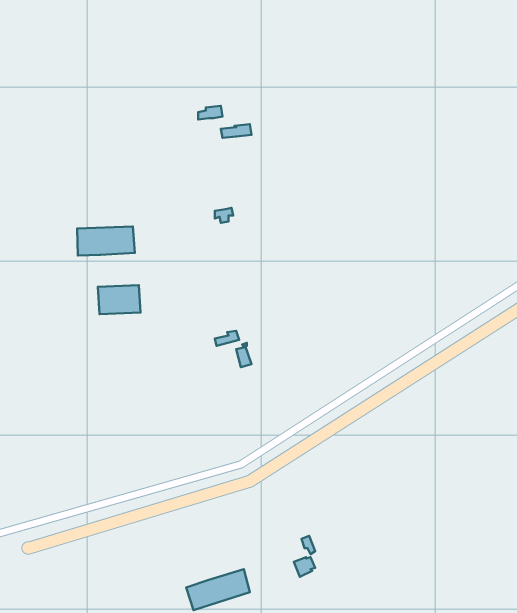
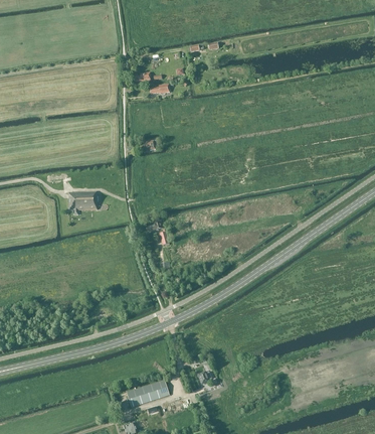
building: [77,227,135,255] -> none

